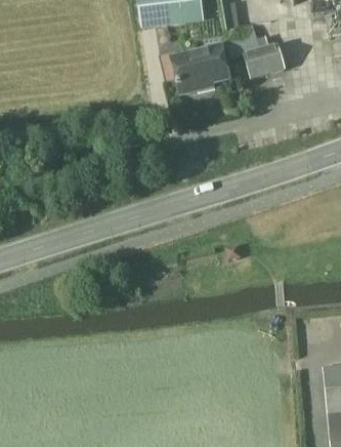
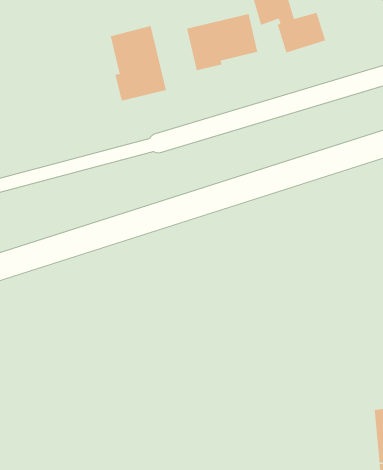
building: none -> [110,25,167,102]

